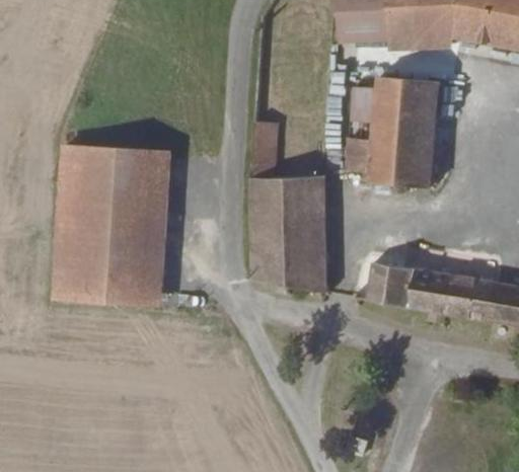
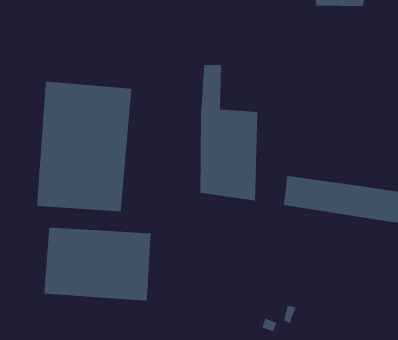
building: [348,78,446,185] -> none
building: none -> [44,227,151,302]

